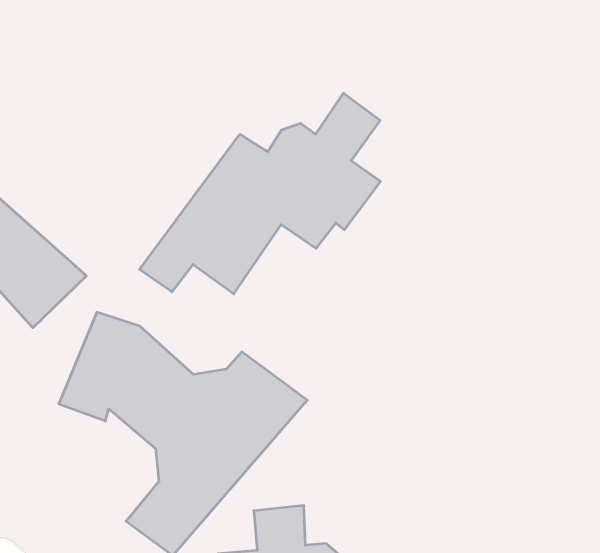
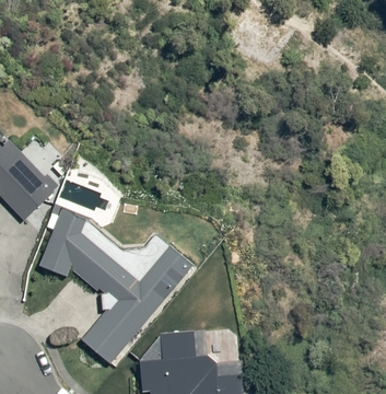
building: [140,93,380,294] -> none

